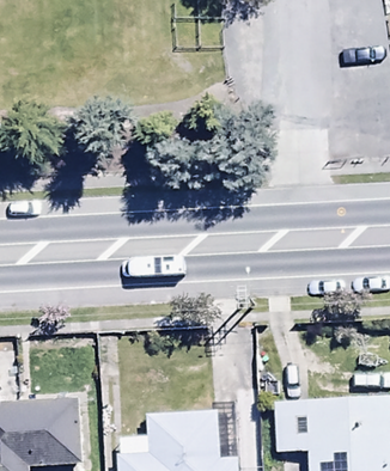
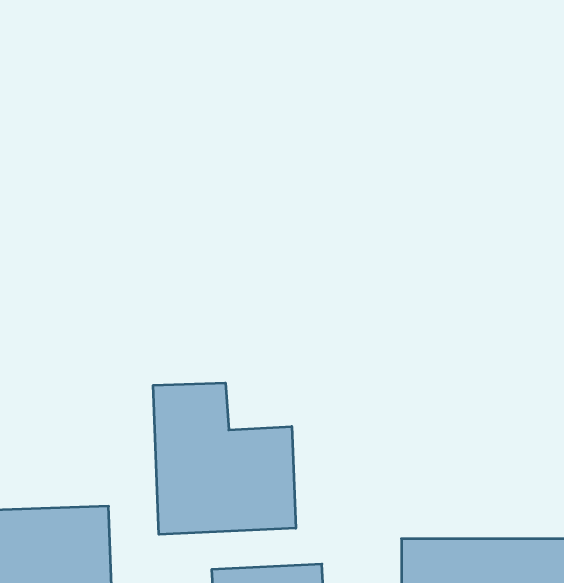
building: none -> [153,383,296,534]

